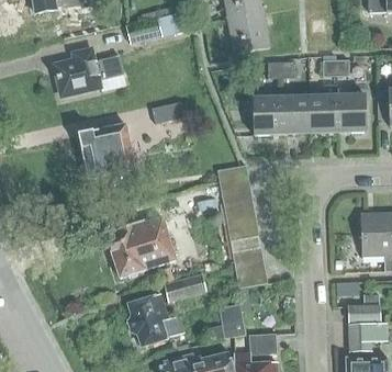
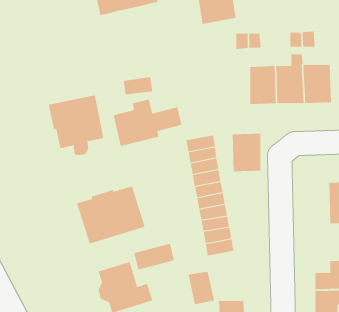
building: [54,48,124,97] -> [113,99,182,147]
building: [253,95,282,135] -> [232,133,261,172]

